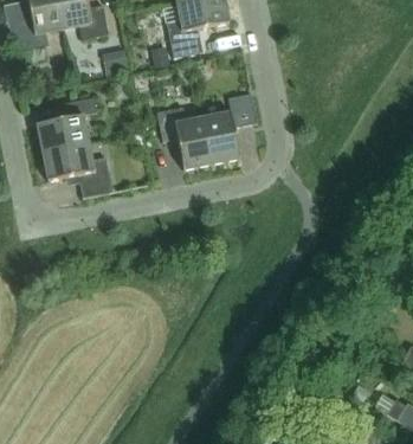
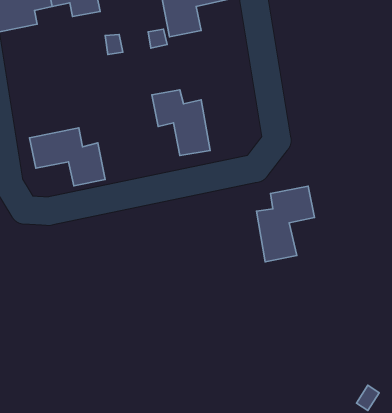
building: [202,92,257,163] -> [256,186,315,262]
building: [36,97,96,152] -> none

